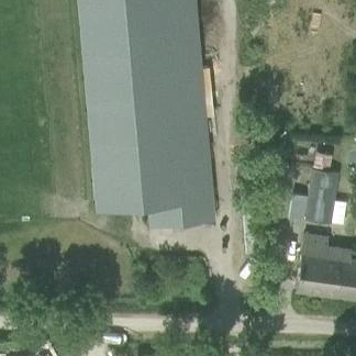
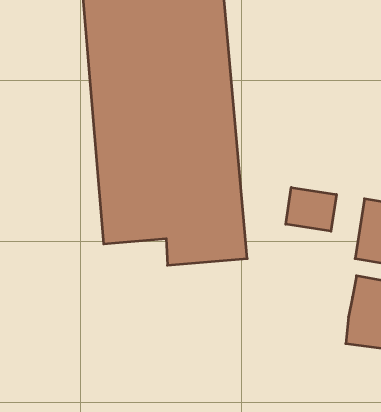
building: none -> [286,187,336,231]

